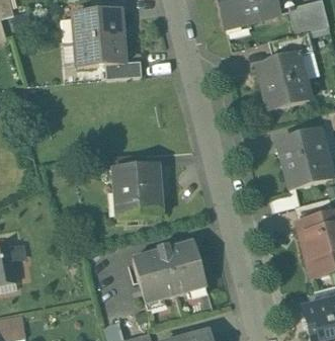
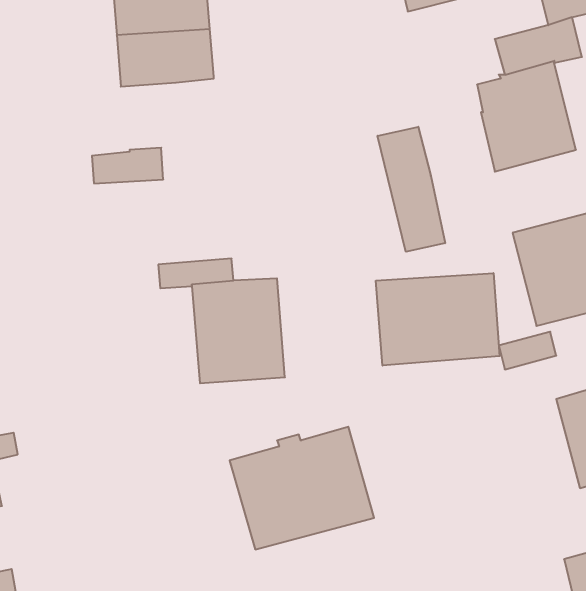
building: [105,60,142,78] -> [92,148,163,183]
building: none -> [378,127,445,252]
building: none -> [376,273,500,366]

